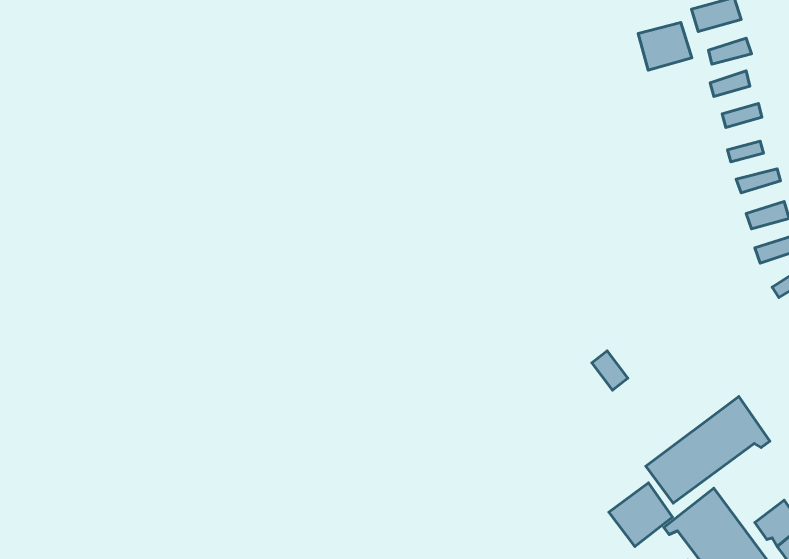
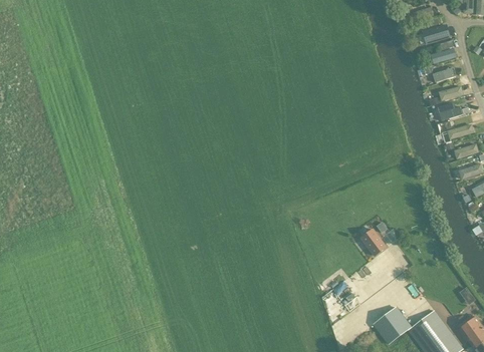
building: [638,23,692,70] -> none
building: [646,396,770,503] -> none

